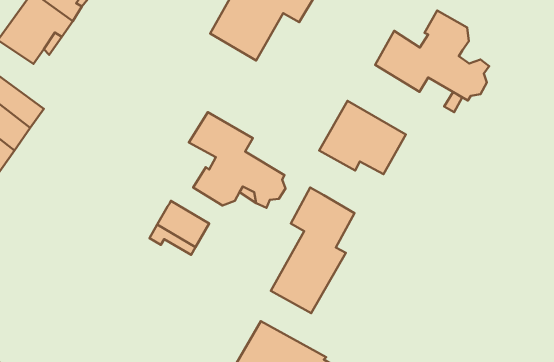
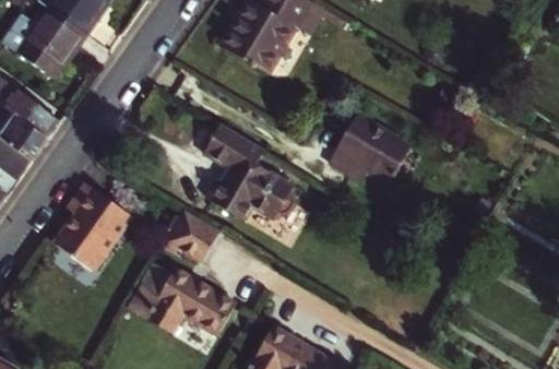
building: [375,10,489,100] -> none
building: none -> [52,181,131,270]
building: [271,187,355,313] -> none
building: none -> [127,261,236,334]

